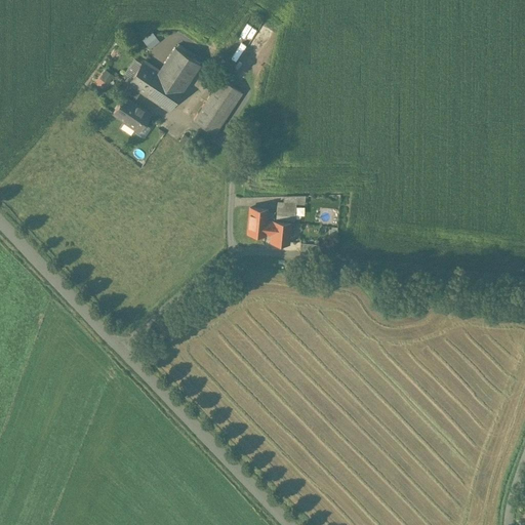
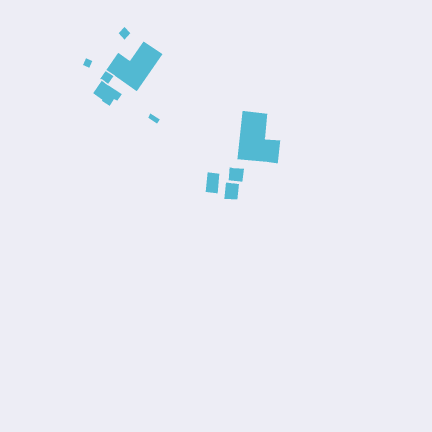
building: [193,81,240,136] -> none
building: none -> [237,110,281,164]

